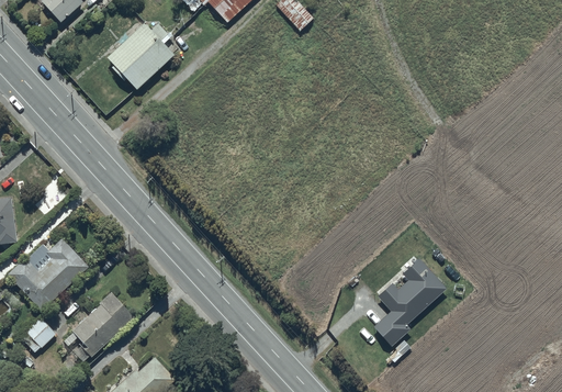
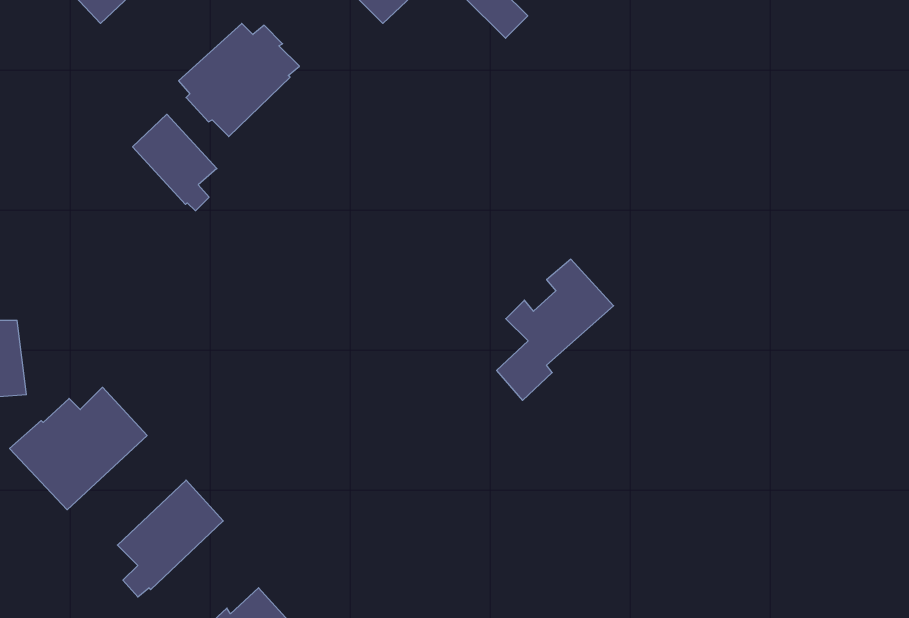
building: none -> [133,114,217,211]
building: [375,262,445,346] -> [497,259,614,400]
building: [22,322,54,351] -> none

